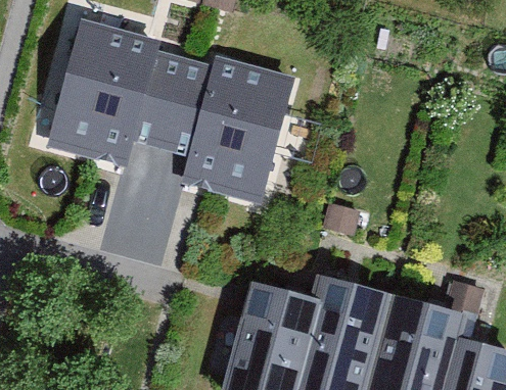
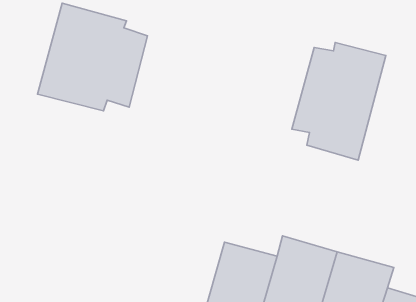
building: [152,55,294,189] -> none
building: none -> [292,42,386,160]

